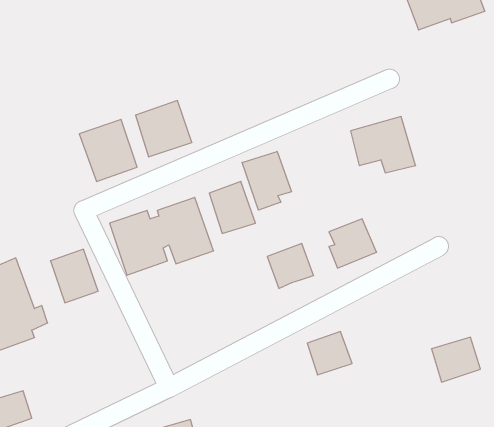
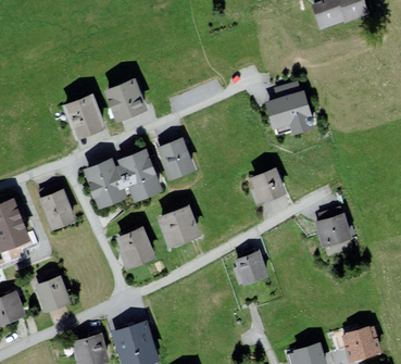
building: [242,151,291,210] -> none
building: [267,244,314,288] -> [162,211,197,244]
building: none -> [115,229,152,267]
building: [431,337,480,382] -> [312,215,349,249]
building: none -> [41,283,71,312]

